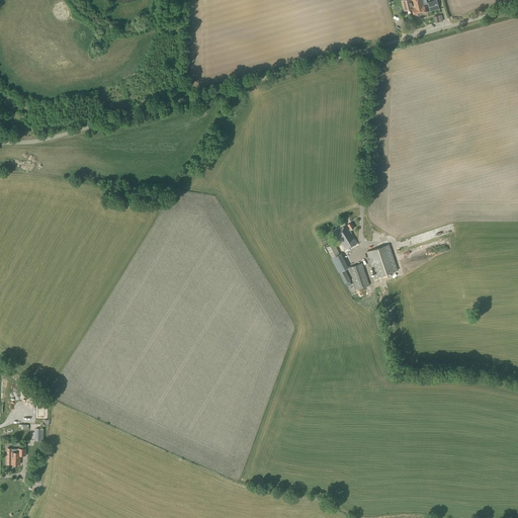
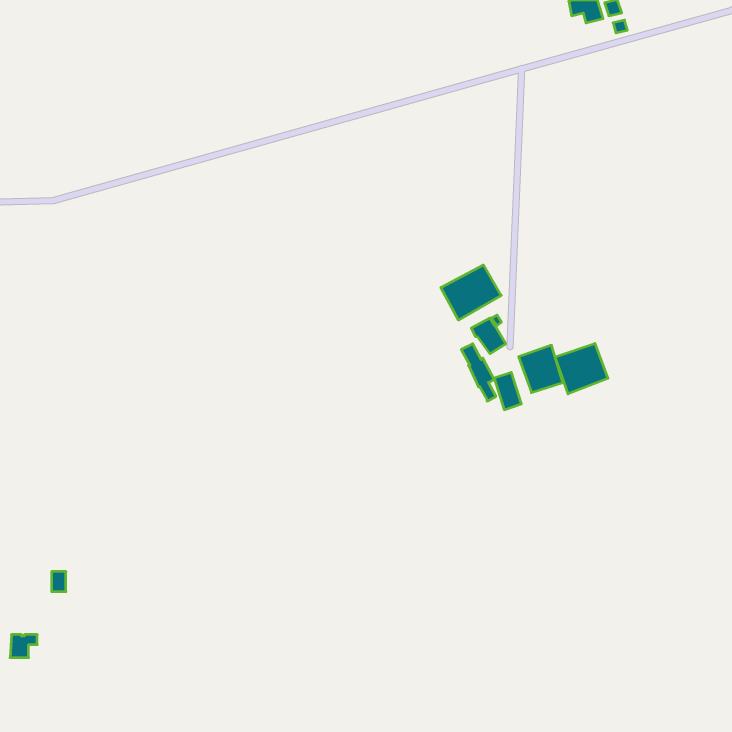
building: none -> [441,265,501,320]
building: none -> [555,343,608,394]

